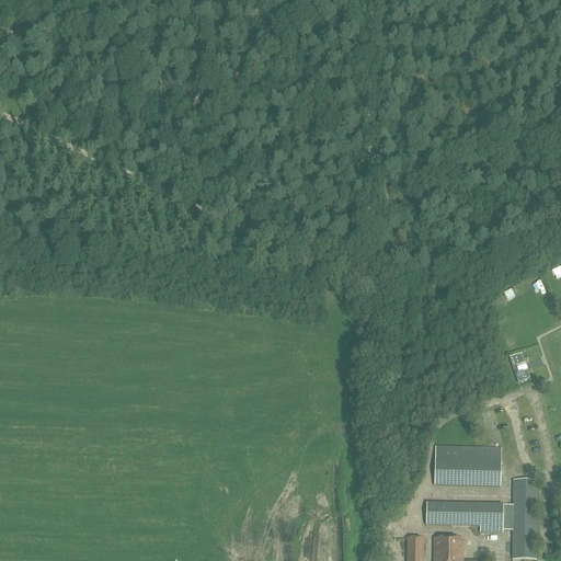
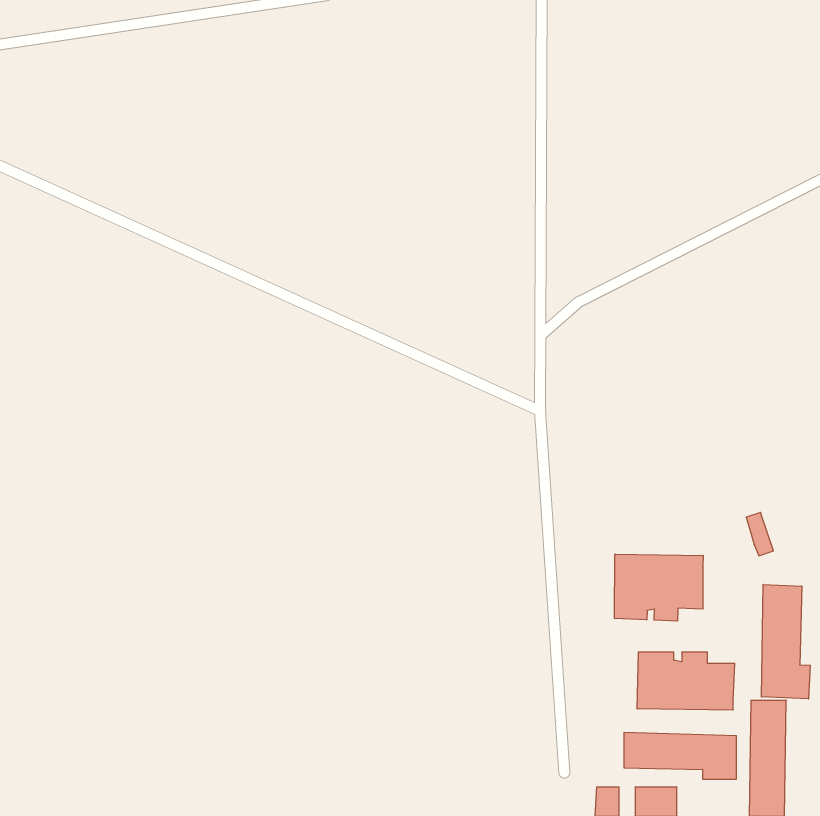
building: none -> [615,554,703,621]
building: none -> [761,584,810,699]

